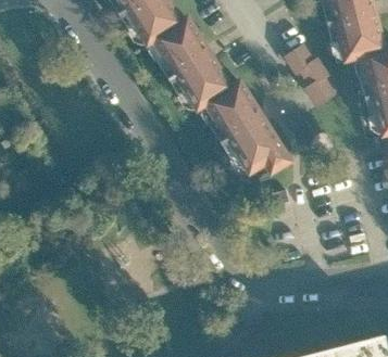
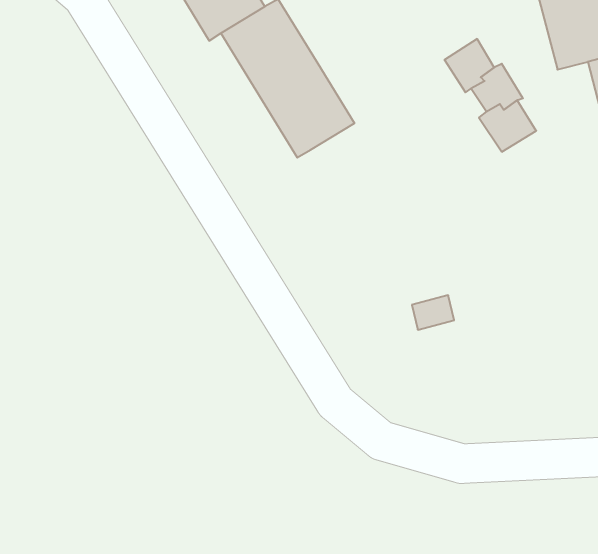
building: [205,85,287,175] -> none

